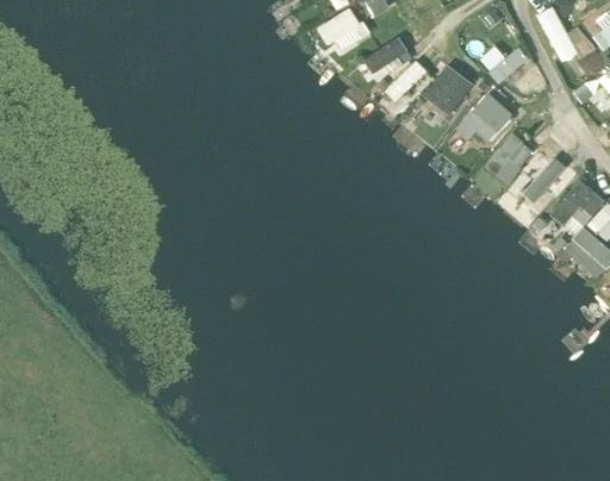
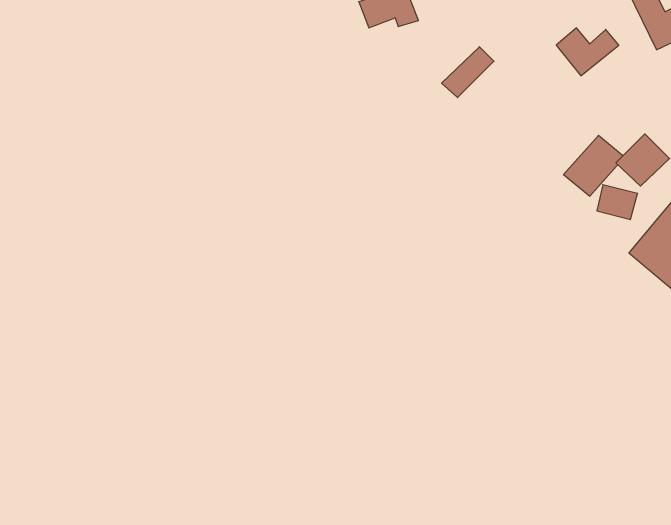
building: [362,37,412,80] -> none
building: [423,65,473,117] -> none
building: [455,93,513,143] -> none

